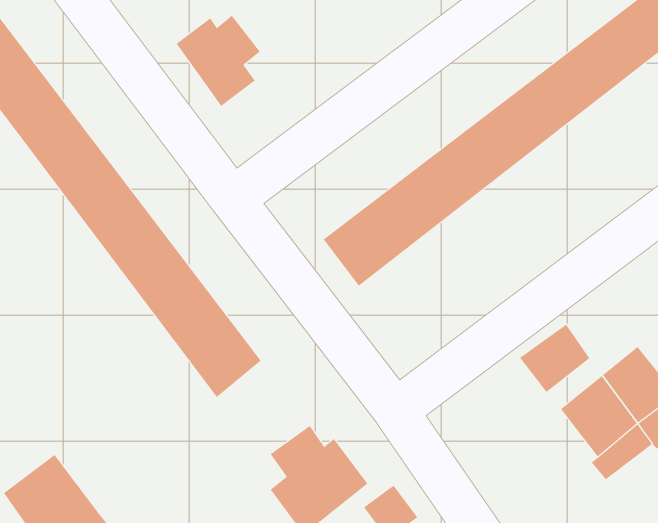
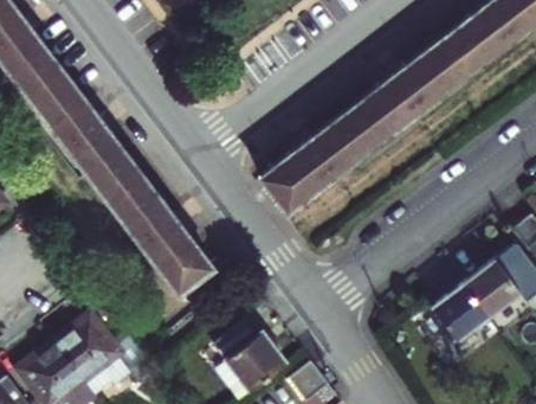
building: [176,15,261,107] -> none
building: [519,324,590,393] -> none
building: none -> [62,315,154,383]

